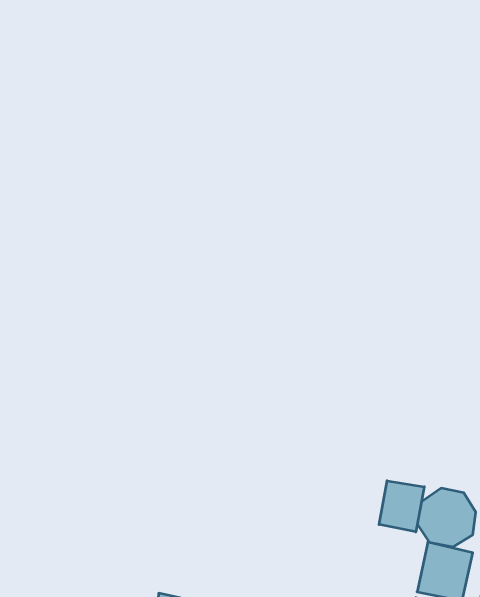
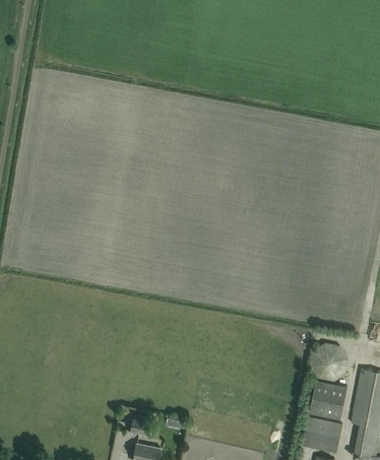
building: [379,481,424,532] -> none

